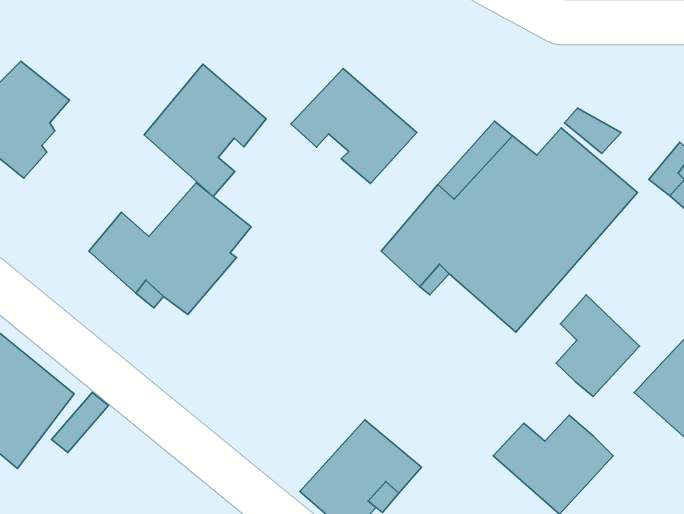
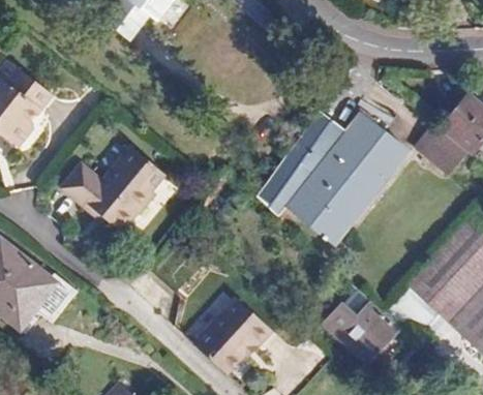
building: [144,64,266,196] -> none
building: [291,69,417,184] -> none
building: [556,295,640,397] -> none

